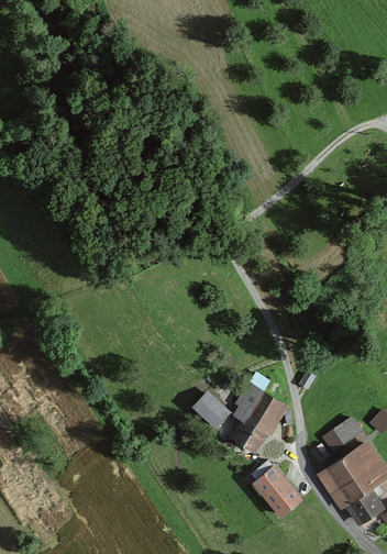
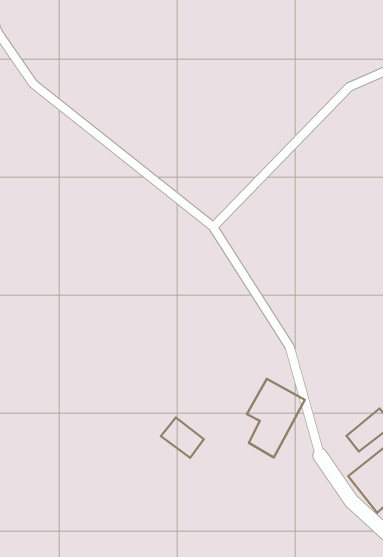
building: [195,394,232,430] -> [161,417,204,458]
building: [257,468,301,516] -> none

